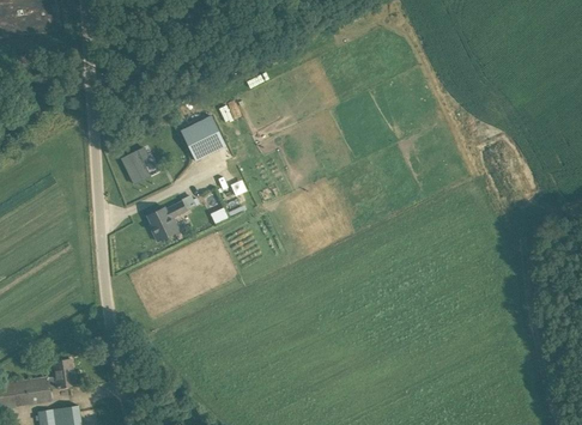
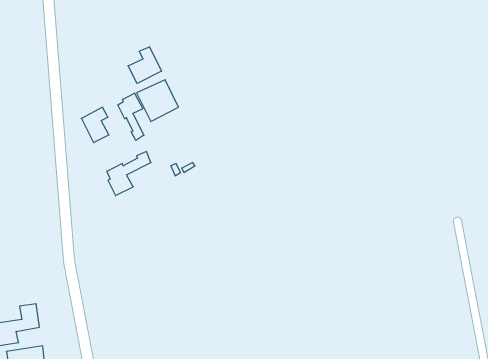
building: none -> [128,47,161,83]
building: none -> [118,93,144,140]

